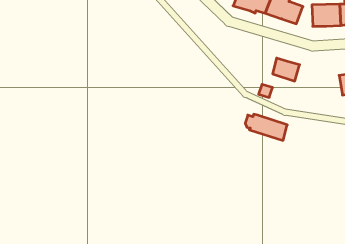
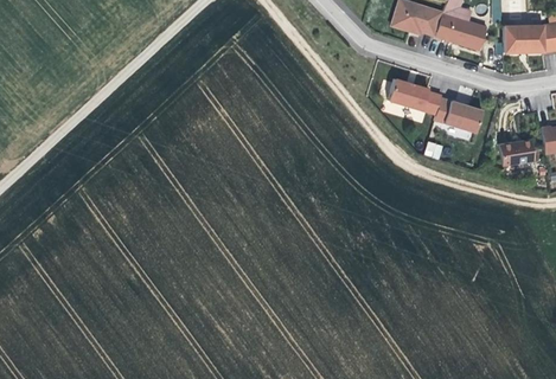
building: none -> [499,139,537,168]
building: [245,114,287,140] -> [383,79,443,117]

